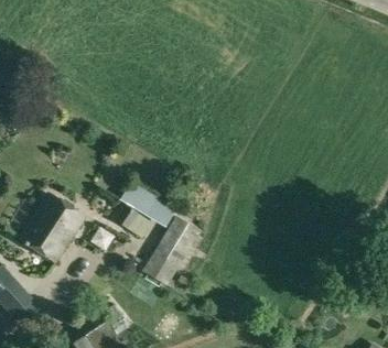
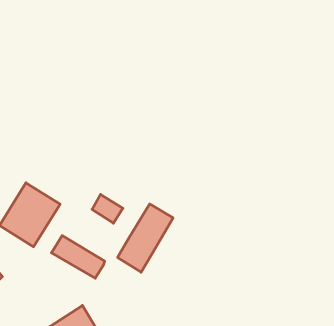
building: [121,183,176,227] -> [51,236,105,278]

